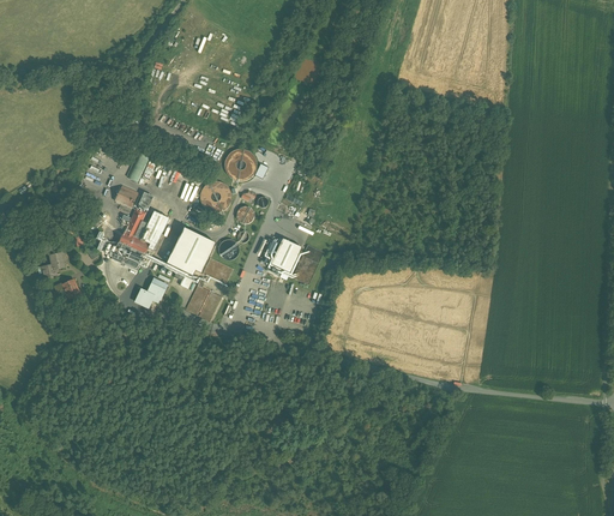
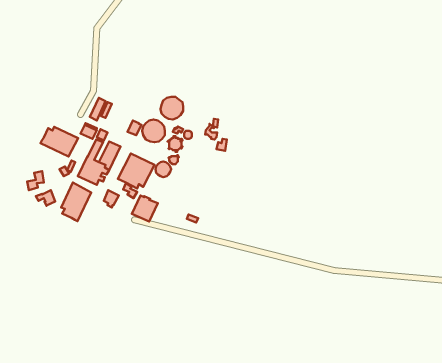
building: none -> [41,127,78,157]
building: [271,236,300,270] -> none
building: none -> [61,183,91,221]

